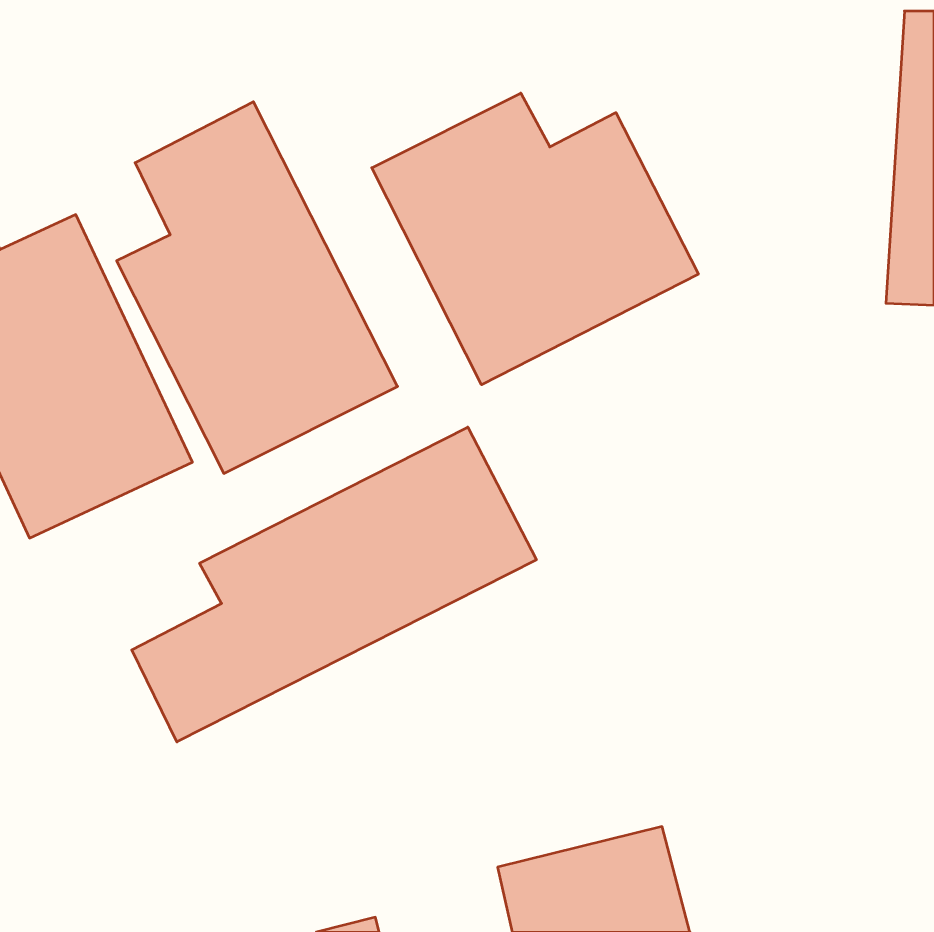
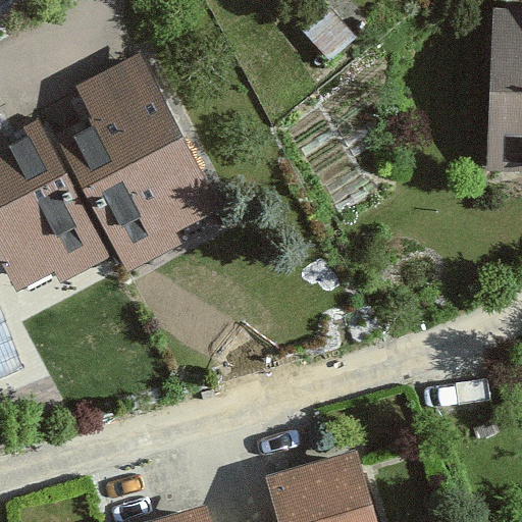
building: [372,93,698,385] -> none
building: [132,427,536,742] -> none

